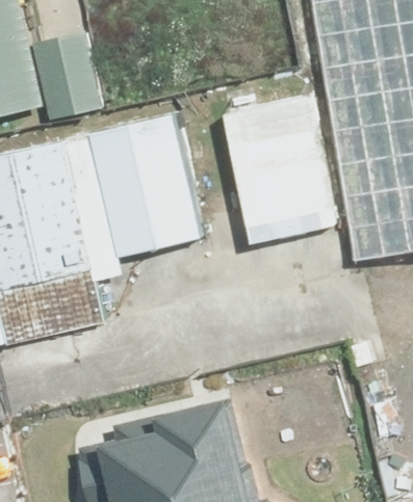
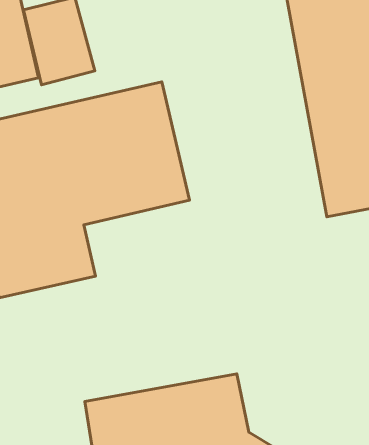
building: [223,89,337,244] -> none

